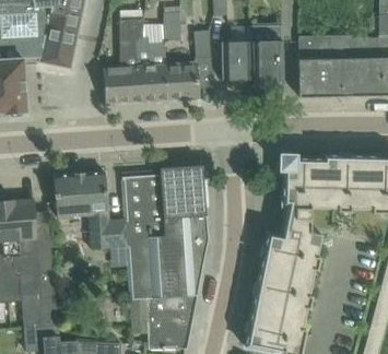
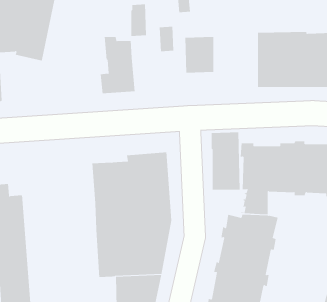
building: [102,21,142,105] -> none
building: [251,23,283,85] -> [211,132,240,190]
building: [165,62,198,101] -> none
building: [52,172,126,250] -> none

